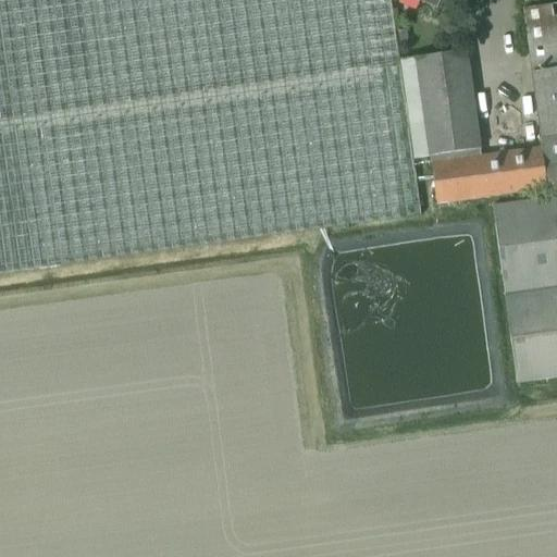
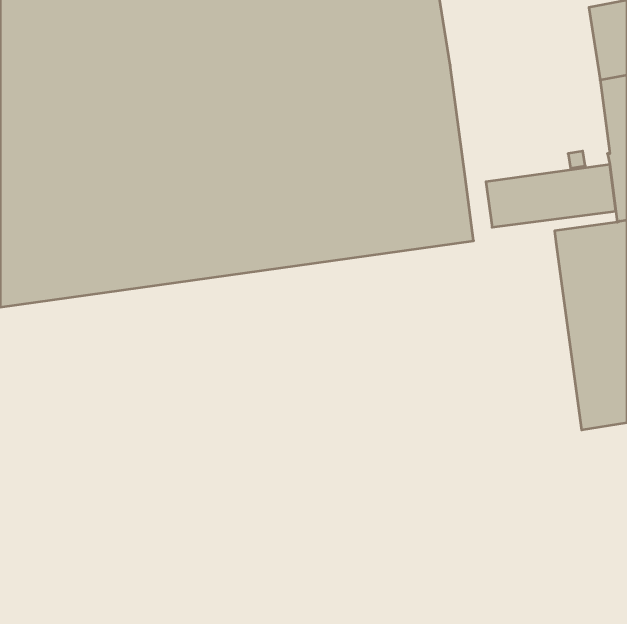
building: [399,48,481,157] -> none

